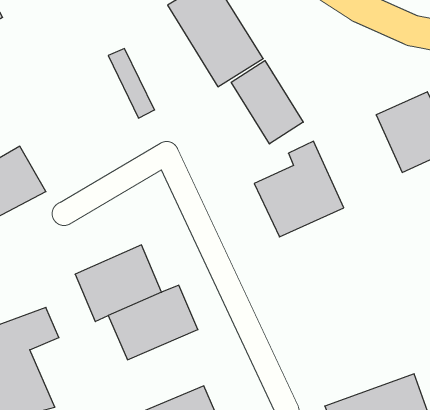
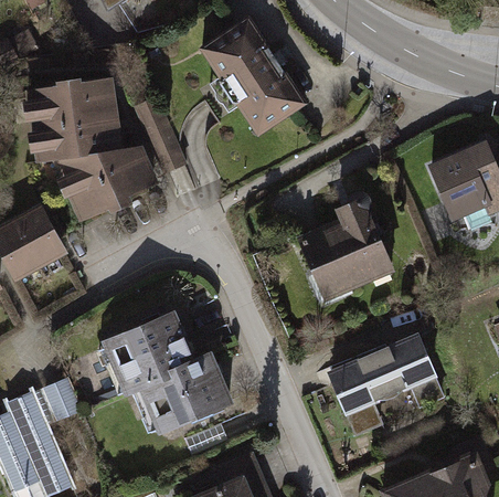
building: none -> [30,77,157,223]
building: [231,61,303,144] -> none
building: none -> [322,329,445,443]

